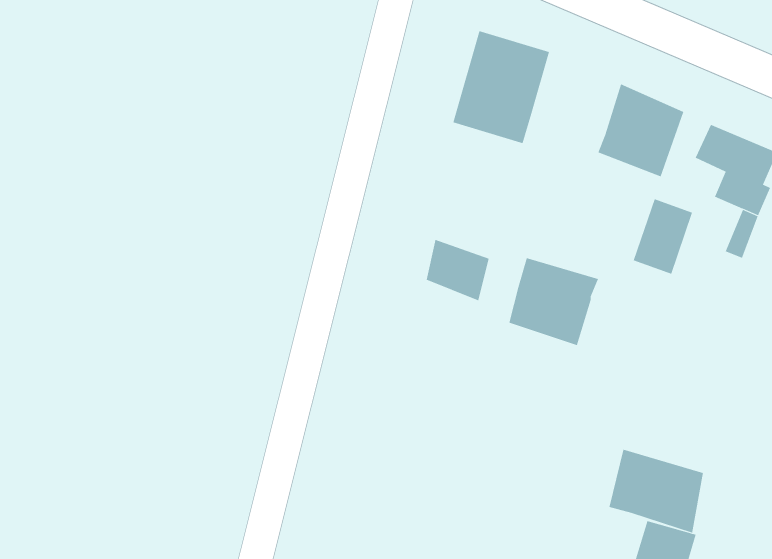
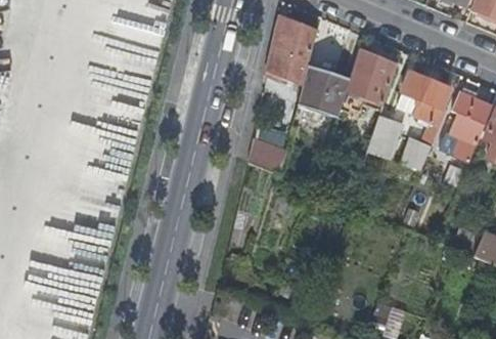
building: [509,257,599,346] -> [300,67,352,118]
building: [609,449,704,533] -> none

